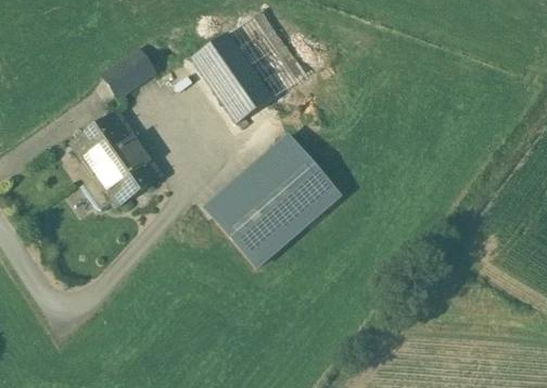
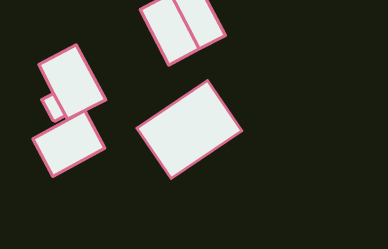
building: [107,61,145,96] -> none
building: none -> [33,110,105,177]

